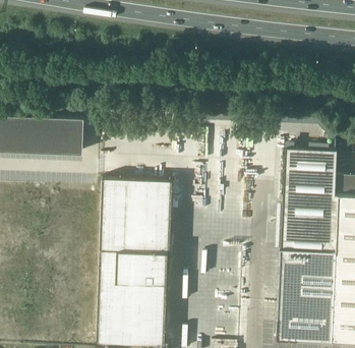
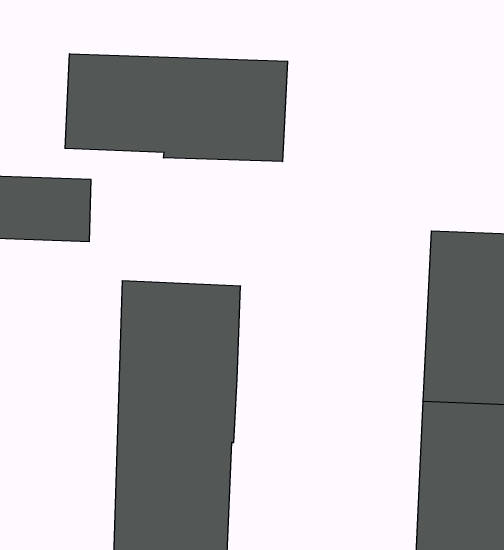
building: none -> [65,54,288,162]

